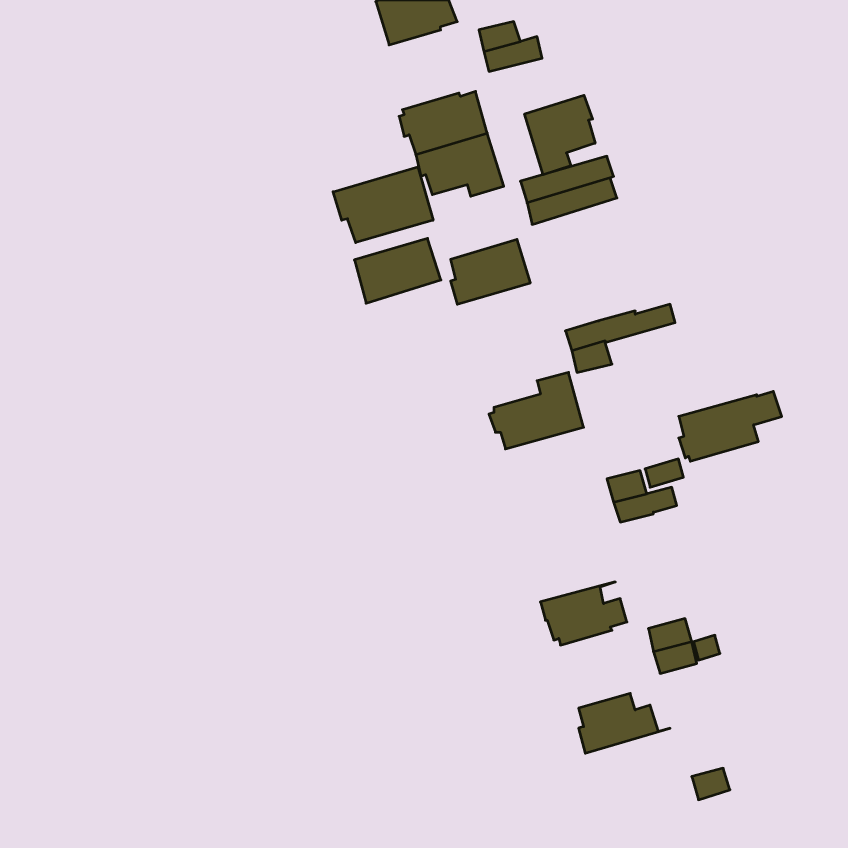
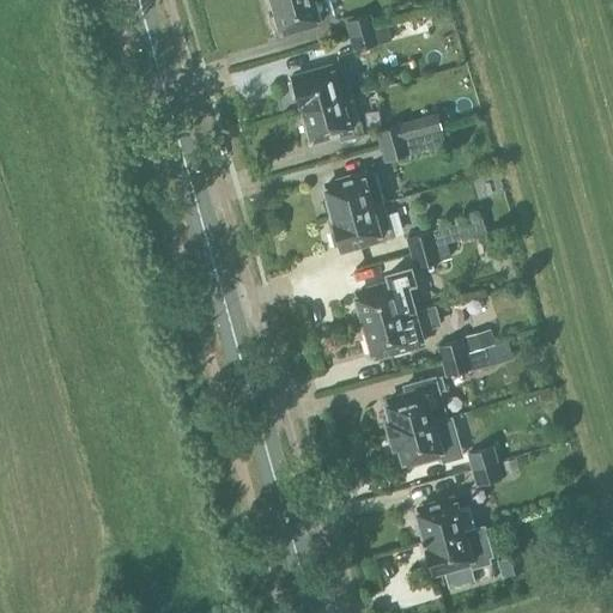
building: [525,95,595,175] -> none
building: [333,167,433,243] -> none
building: [354,238,441,303] -> [330,205,393,251]
building: [679,391,782,461] -> [365,306,439,357]
building: none -> [384,378,447,435]
building: none -> [423,526,492,573]

